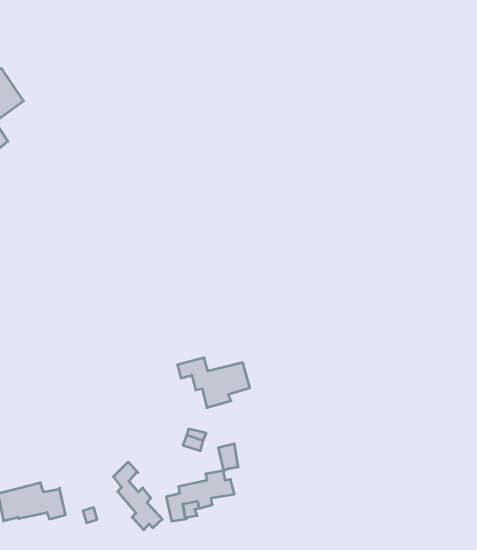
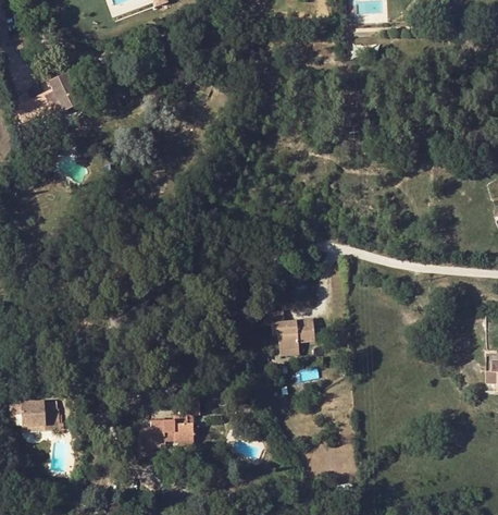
building: [177,358,250,408] -> [262,310,315,350]
building: [113,462,162,530] -> none

